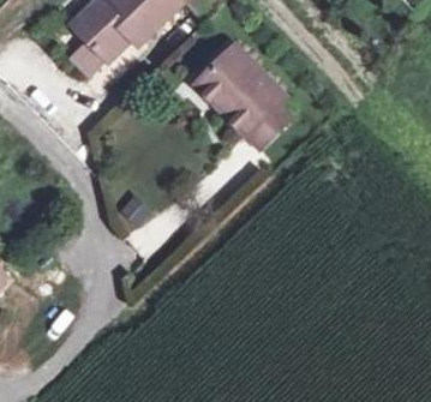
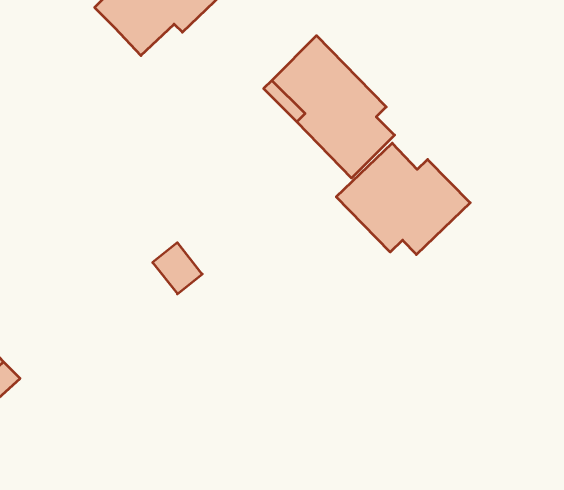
building: none -> [336,143,470,255]

